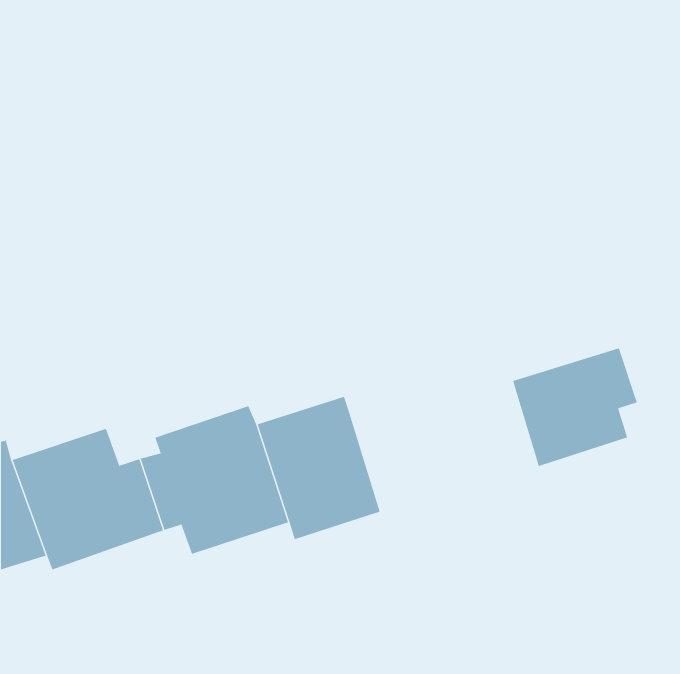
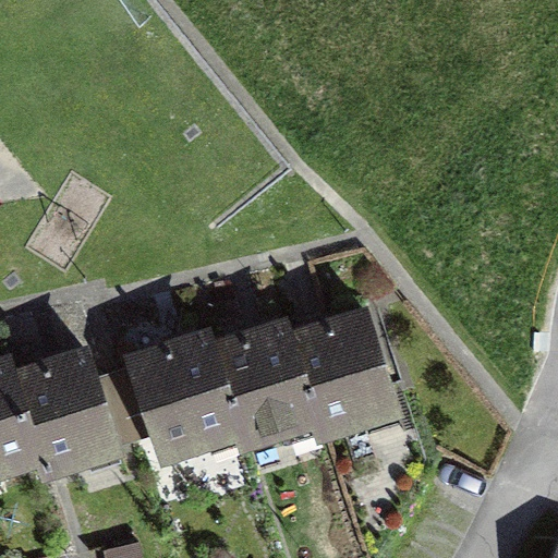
building: [512,348,638,467] -> none
building: none -> [287,317,395,437]

